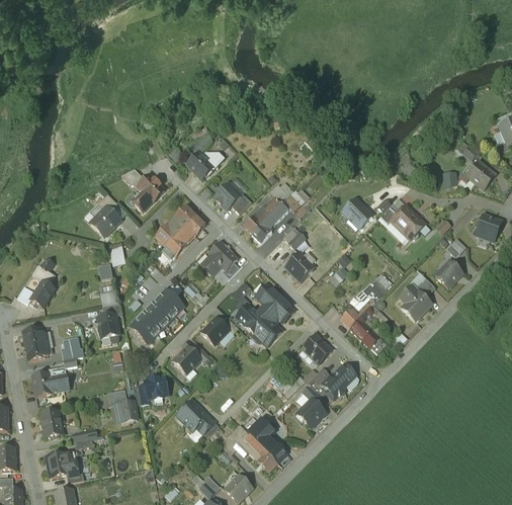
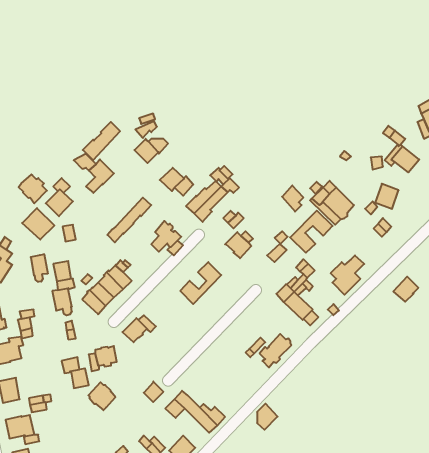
building: none -> [19,174,47,203]
building: [156,205,196,247] -> [83,122,120,160]
building: [476,214,501,241] -> [375,184,399,209]
building: none -> [22,208,54,240]
building: none -> [290,211,333,253]
building: [435,260,462,287] -> [393,277,418,302]
building: none -> [31,254,48,282]
building: [251,300,294,346] -> none
building: [202,317,229,344] -> none
building: [304,336,331,363] -> none
building: [303,399,325,427] -> [257,404,278,430]
building: [178,400,207,430] -> [88,382,115,410]
building: [245,410,273,443] -> none

